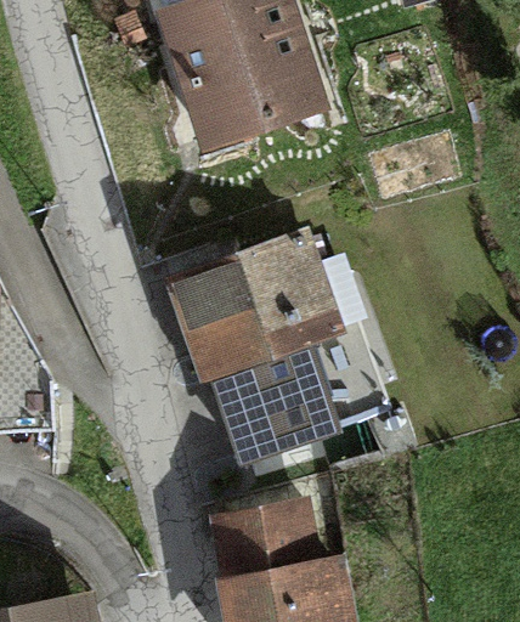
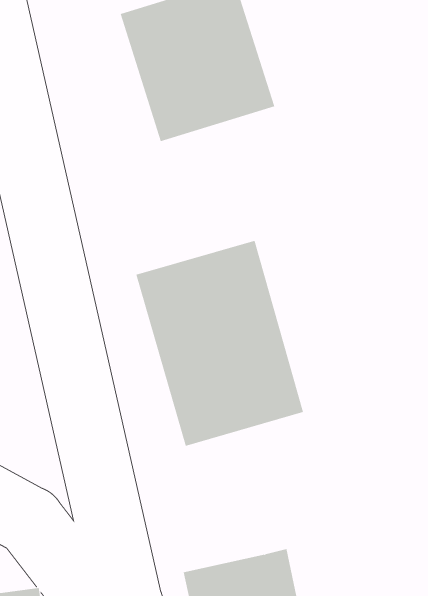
building: [220,501,318,588] -> none

